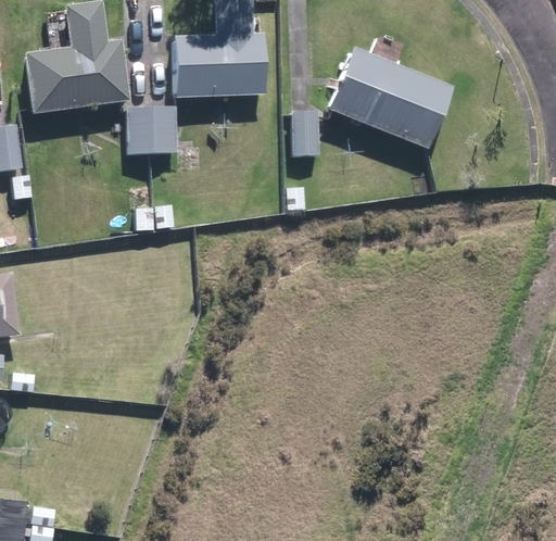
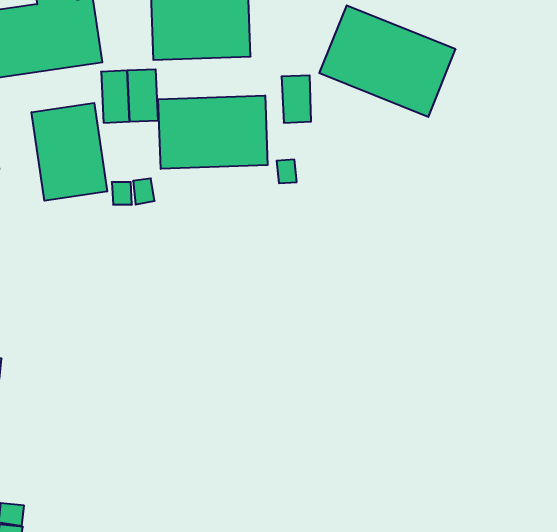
building: none -> [158,95,268,169]
building: none -> [32,103,107,201]

